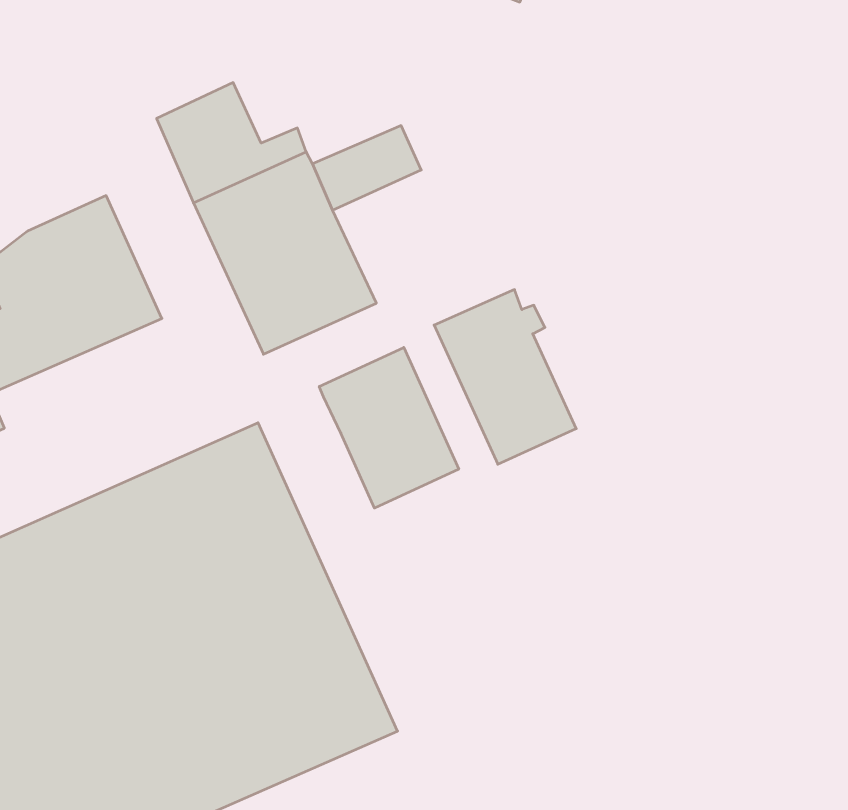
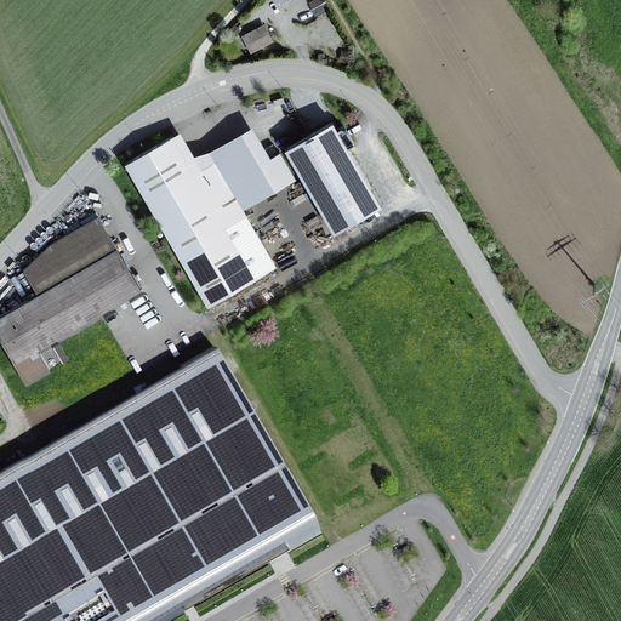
building: none -> [213,142,260,183]
building: [434,290,576,464] -> [283,123,380,234]
building: [319,347,459,508] -> none

